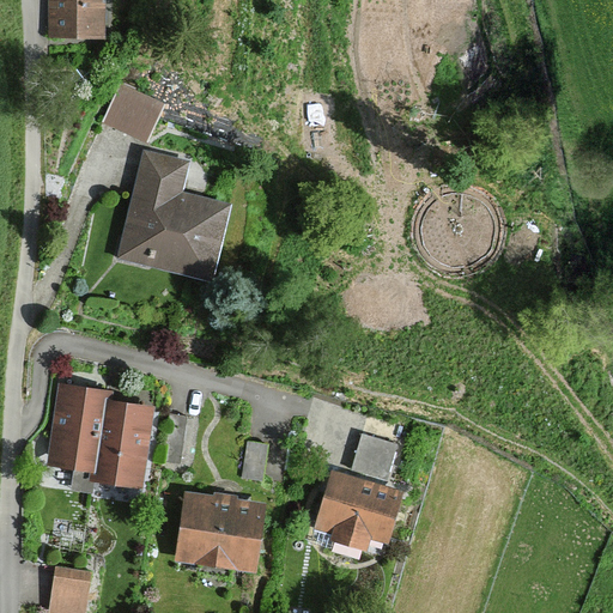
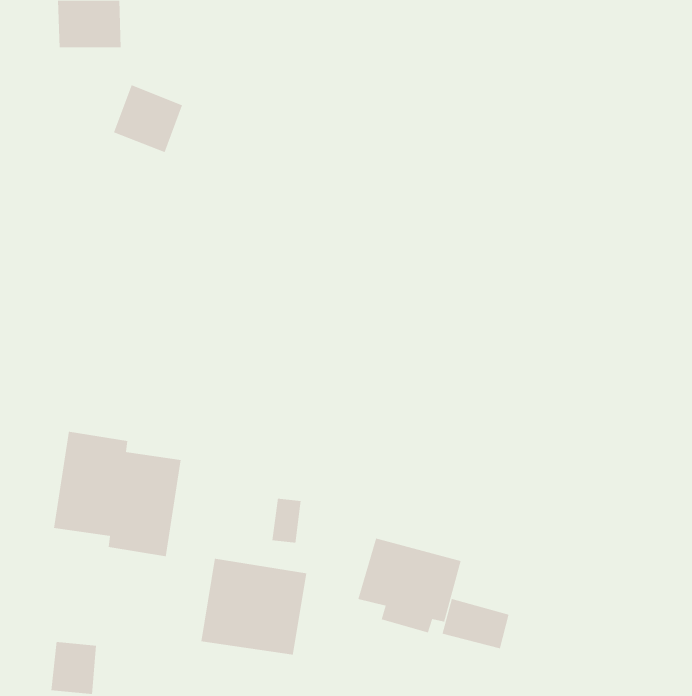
building: [116,157,221,281] -> none
building: [351,430,395,473] -> none
building: none -> [442,598,509,649]

